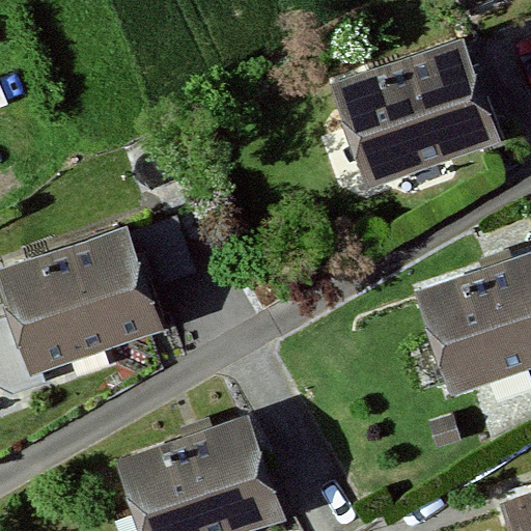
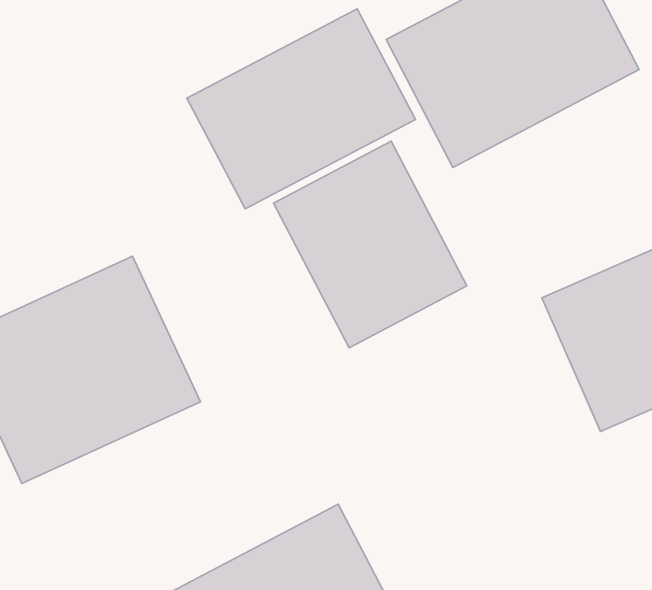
building: none -> [187,9,416,209]
building: none -> [273,141,467,348]

